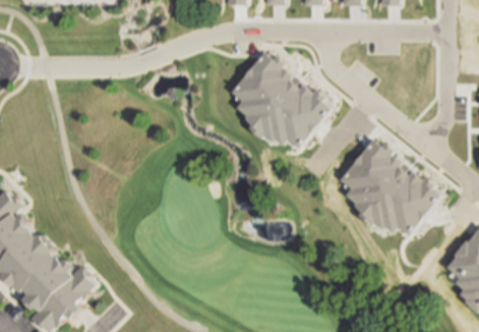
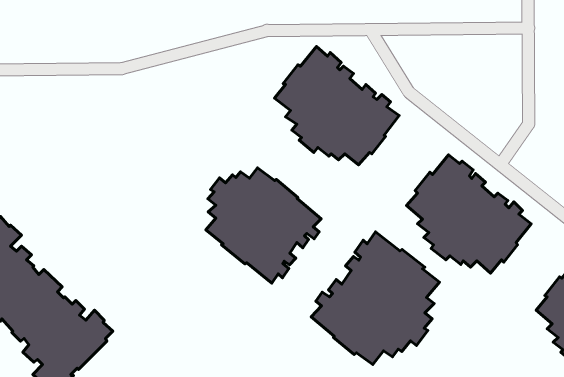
building: none -> [206,168,321,283]
building: none -> [311,232,439,365]

